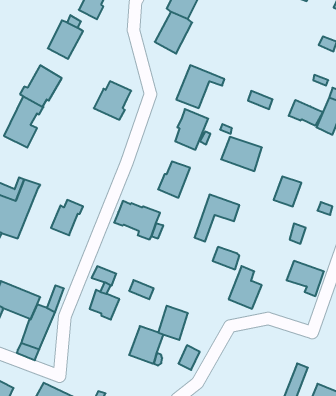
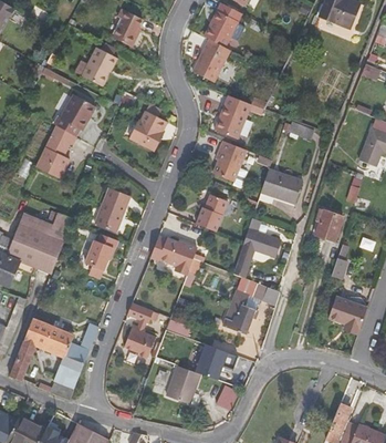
building: [289,100,323,126] -> none
building: none -> [94,187,131,233]
building: [229,266,262,309] -> [221,290,255,334]

